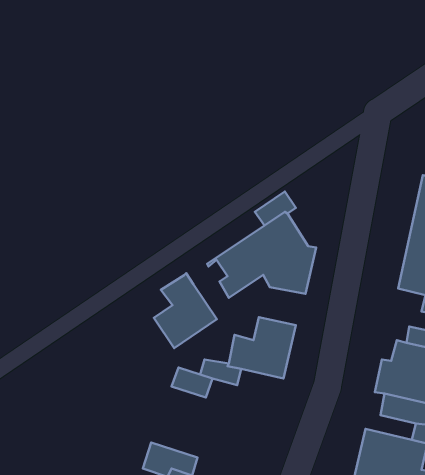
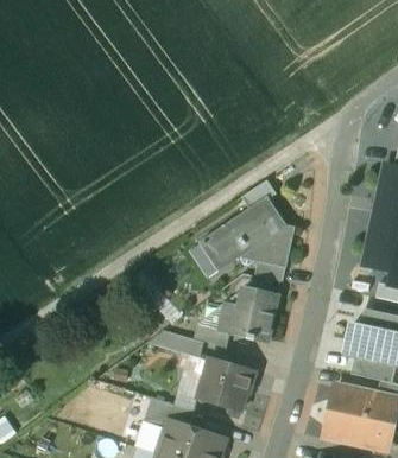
building: [154,273,217,348] -> none
building: none -> [196,358,257,409]

